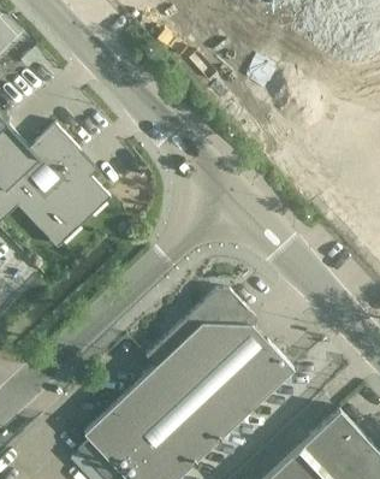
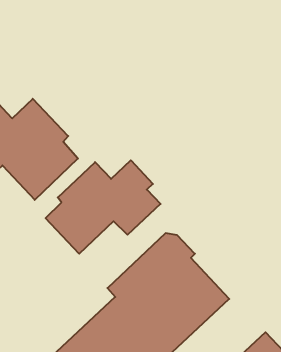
building: none -> [46,160,161,254]

